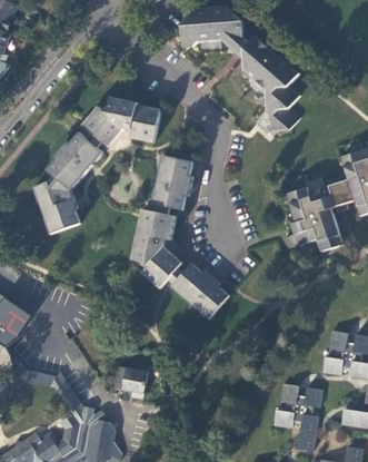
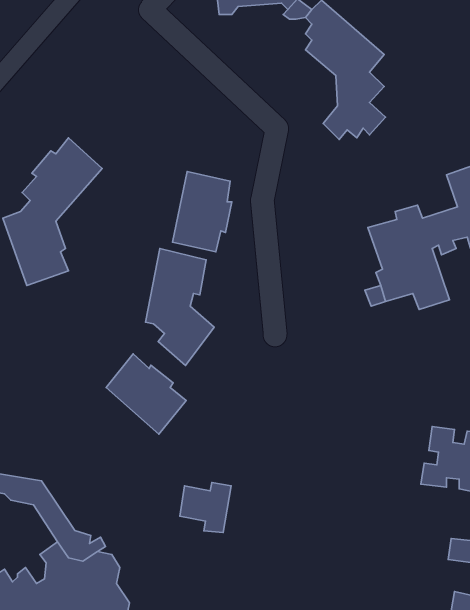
building: [81,99,160,148] -> none
building: [172,264,228,320] -> [106,354,186,434]
building: [113,364,149,399] -> [180,483,231,532]
building: [273,385,321,451] -> none

